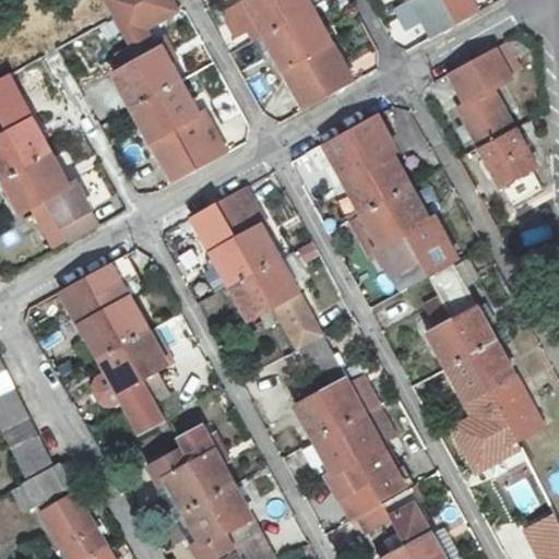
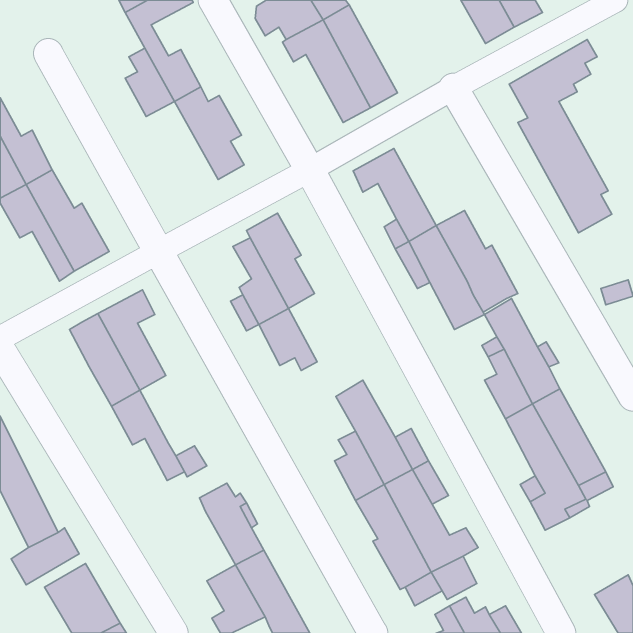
building: [129,90,197,182] -> none
building: [347,115,409,199] -> none
building: [254,259,320,349] -> none
building: [123,331,165,391] -> none
building: [146,451,207,512] -> none

